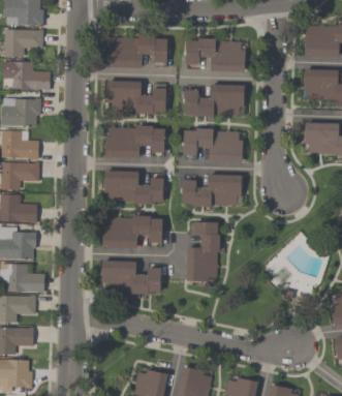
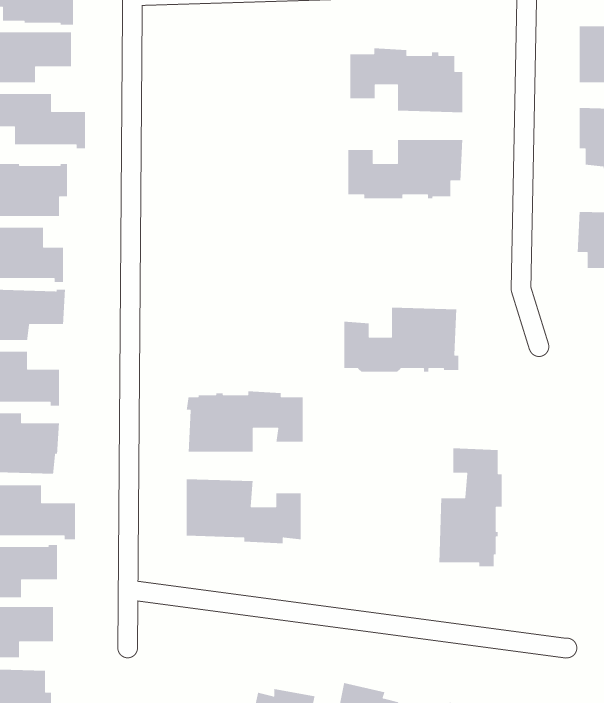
building: [107,35,167,67] -> none
building: [106,80,166,114] -> none
building: [105,125,164,158] -> none
building: [183,128,243,161] -> none
building: [102,171,163,205] -> none
building: [187,221,220,283] -> [439,447,502,567]

